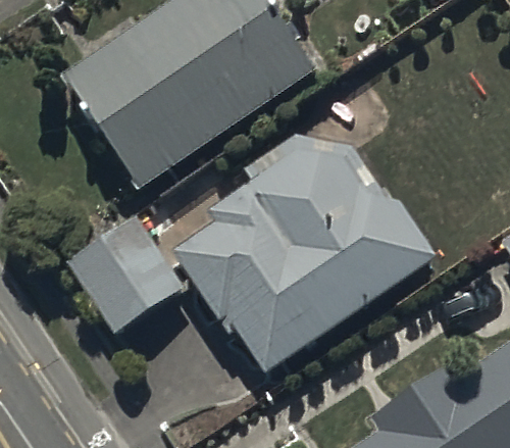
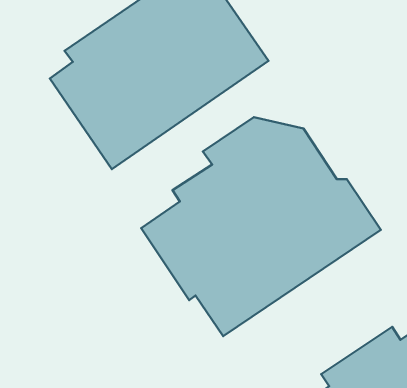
building: [66,190,184,331] -> none

